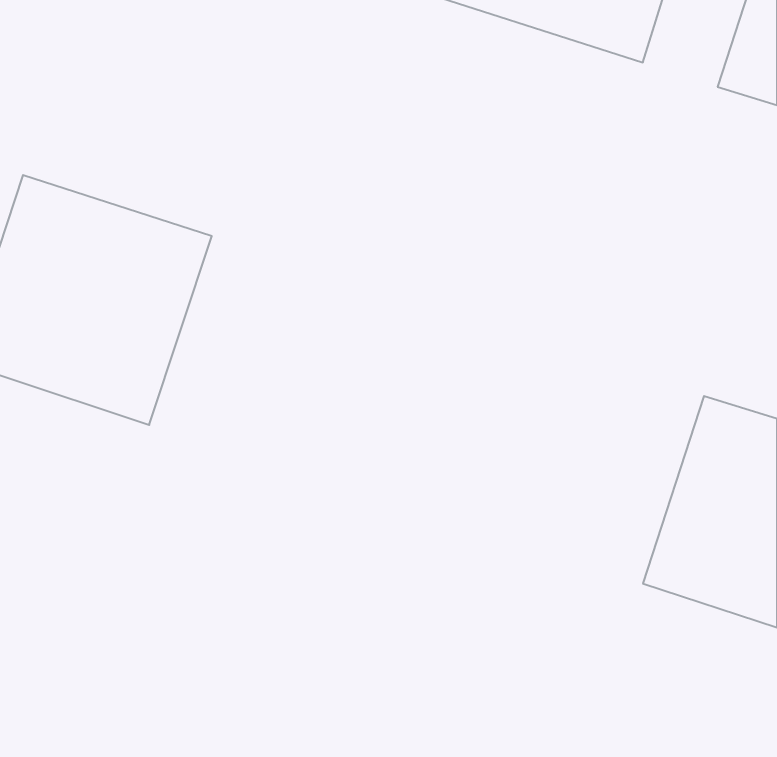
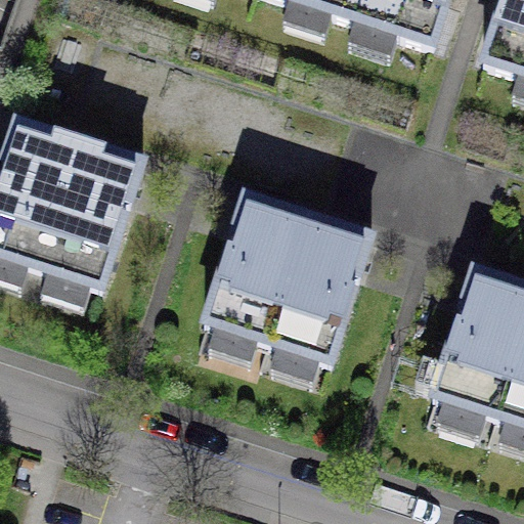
building: none -> [204,191,372,359]

